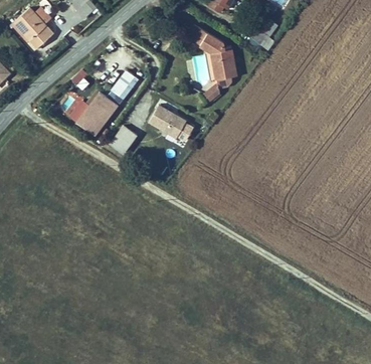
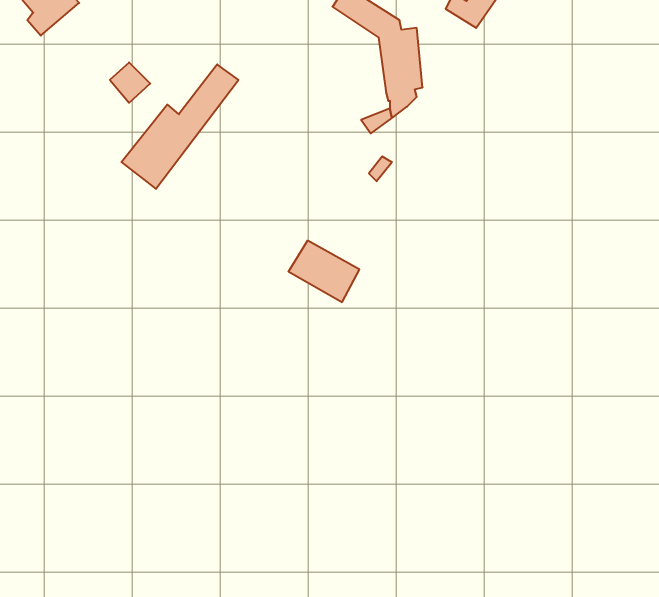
building: [149,104,186,136] -> [288,241,359,302]
building: [109,128,135,155] -> none

